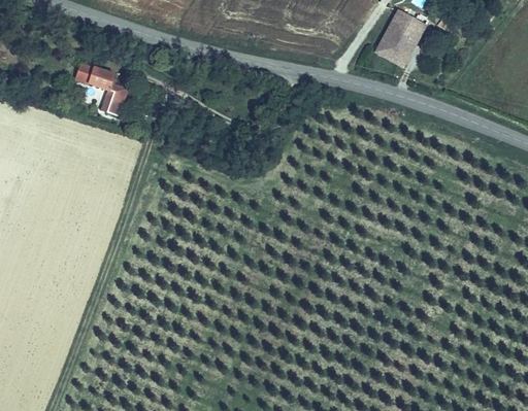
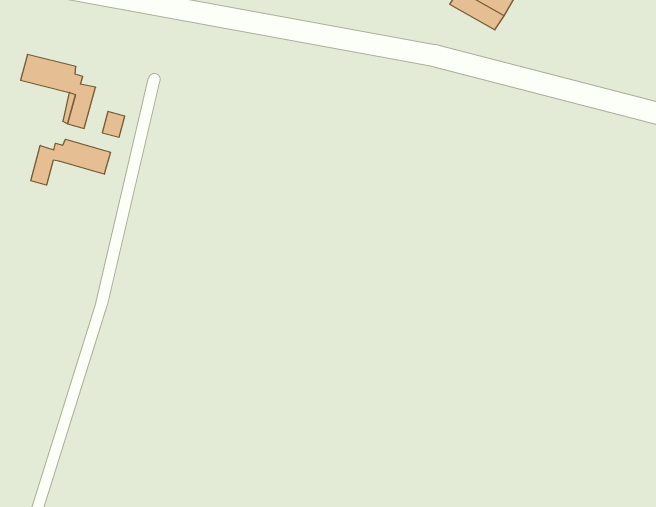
building: none -> [31,139,111,185]

